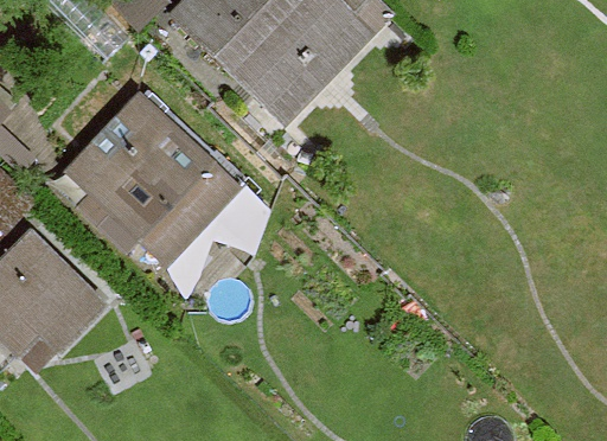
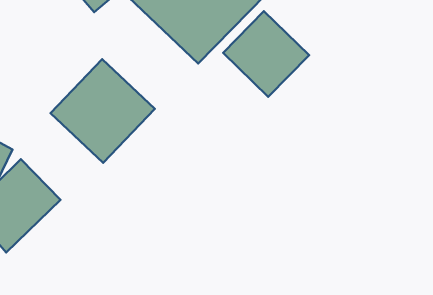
building: none -> [223,11,309,97]

